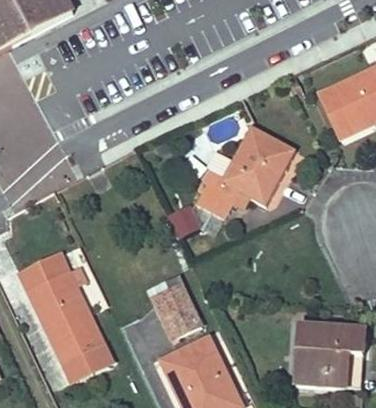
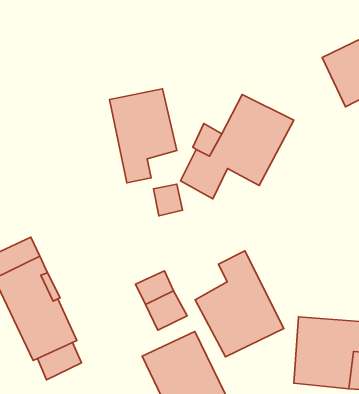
building: none -> [109,89,177,183]
building: none -> [195,251,284,357]

